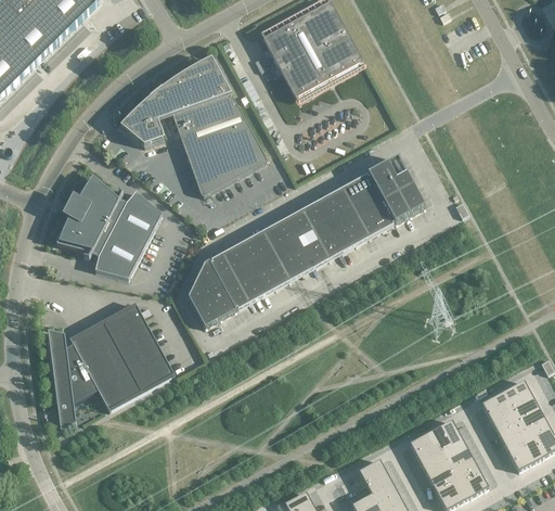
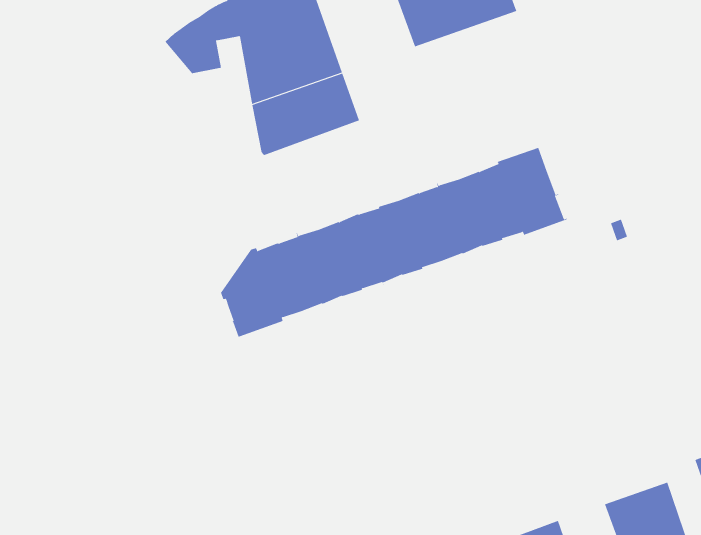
building: [55,171,162,277] -> none
building: [47,303,173,426] -> none

